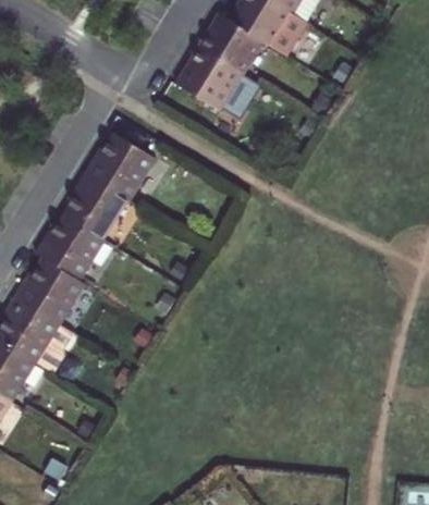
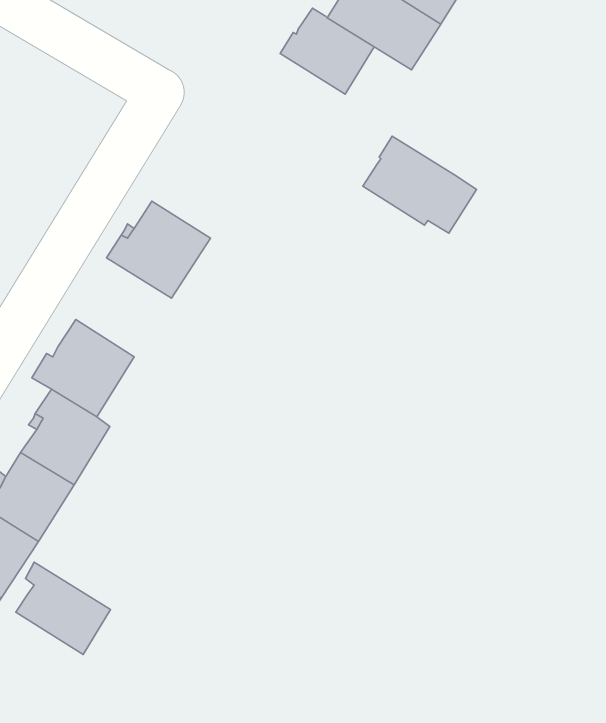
building: [177,42,254,108] -> [363,136,477,233]
building: [60,180,124,246] -> none
building: none -> [16,562,111,655]

